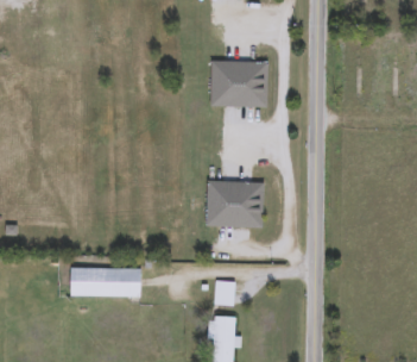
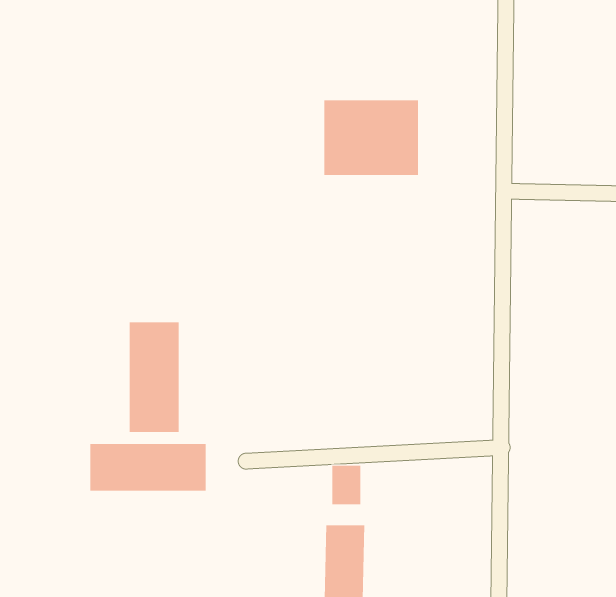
building: [206,182,264,227] -> none
building: none -> [129,322,179,433]

